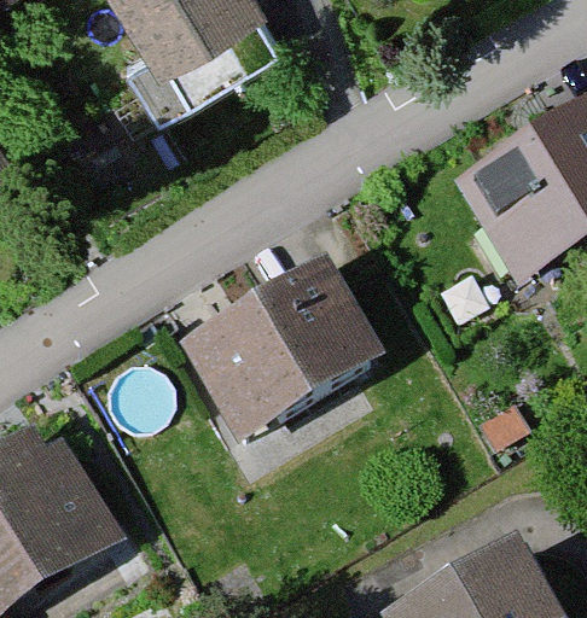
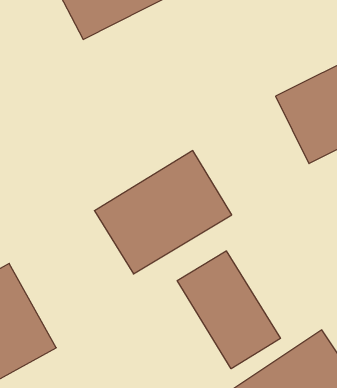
building: none -> [177,251,280,369]

